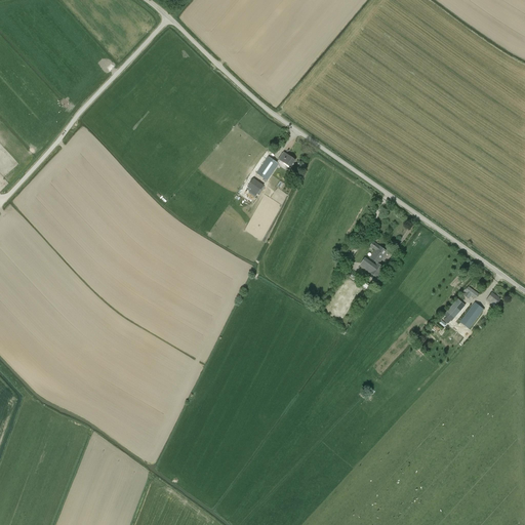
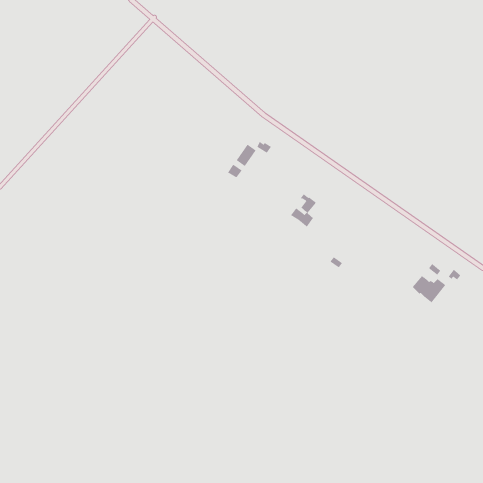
building: [358,241,387,278] -> [290,193,317,227]

